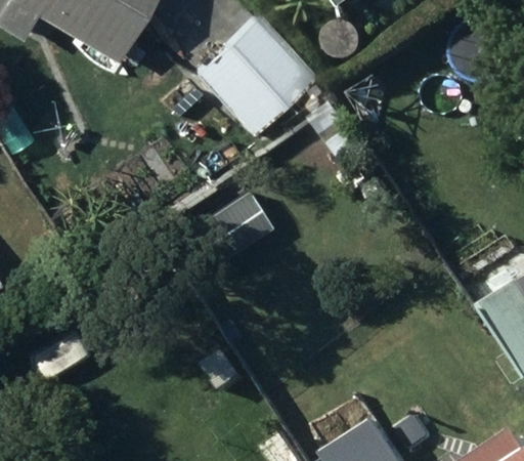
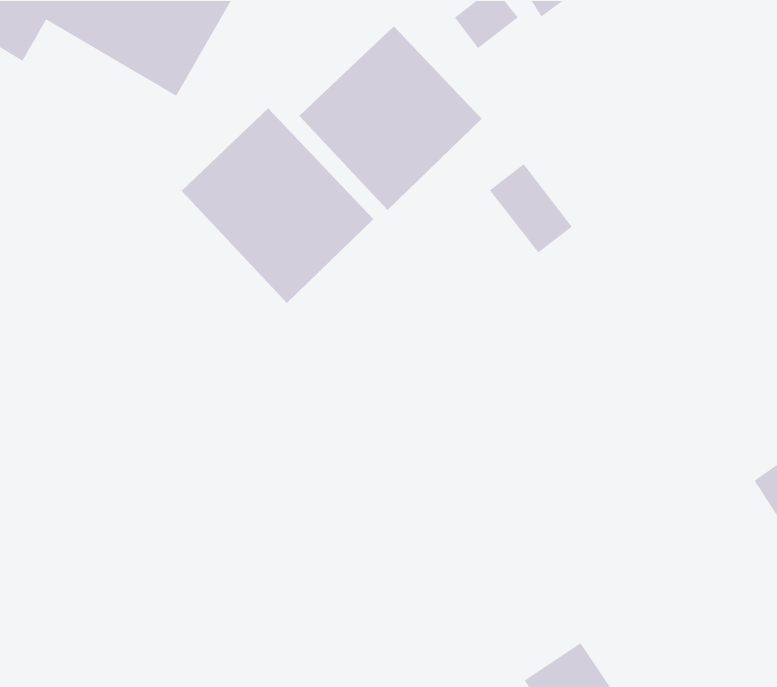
building: none -> [181,108,374,304]

